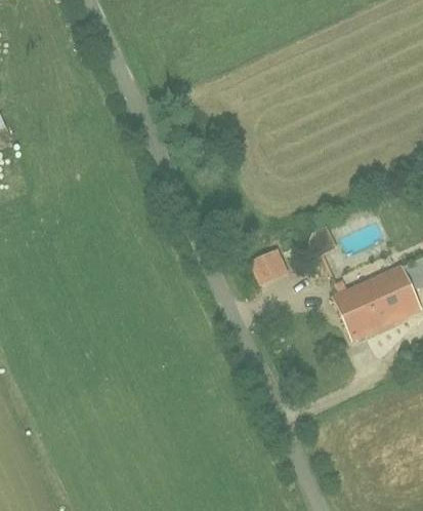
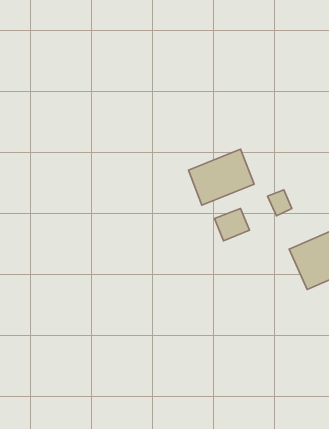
building: none -> [188,149,254,205]

